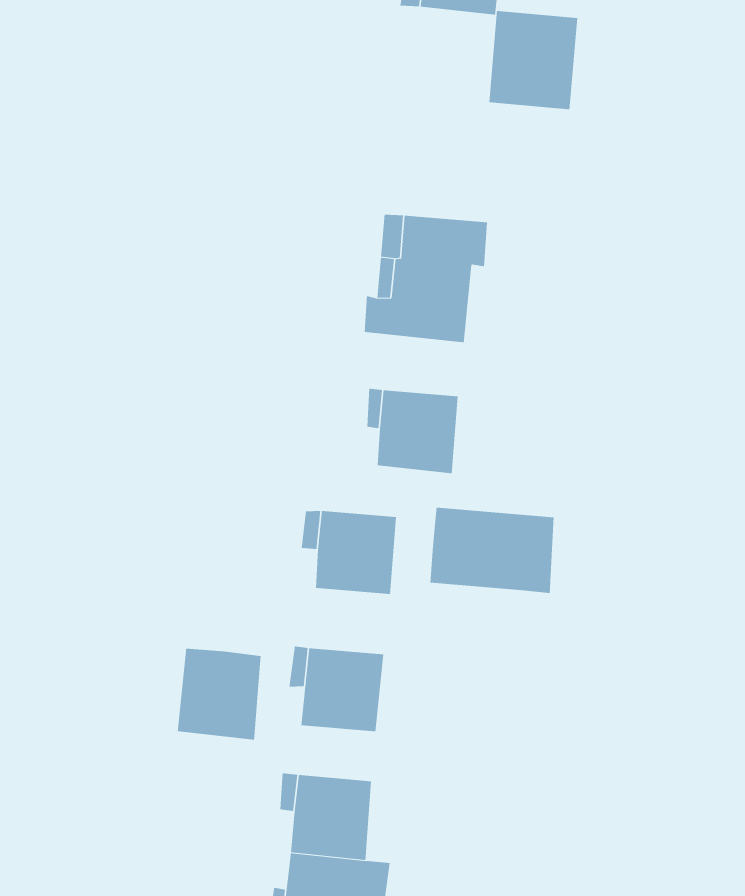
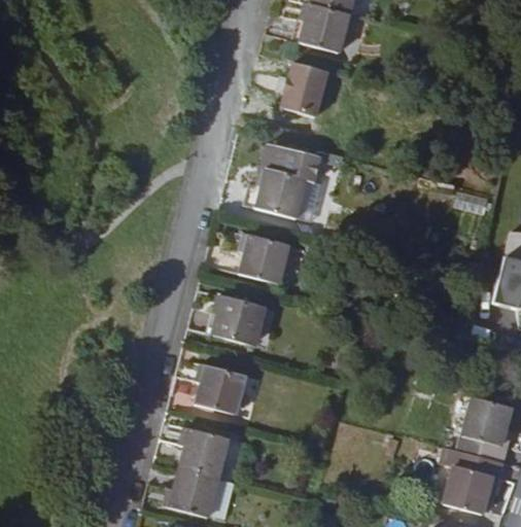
building: [488,10,578,110] -> [278,63,331,119]
building: [430,507,554,594] -> none
building: [177,648,261,740] -> none

